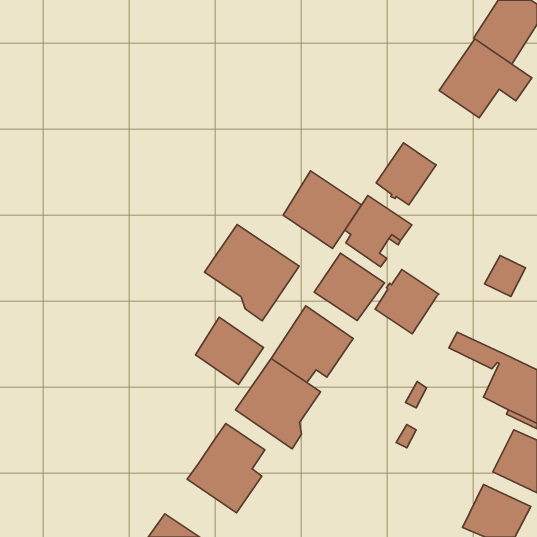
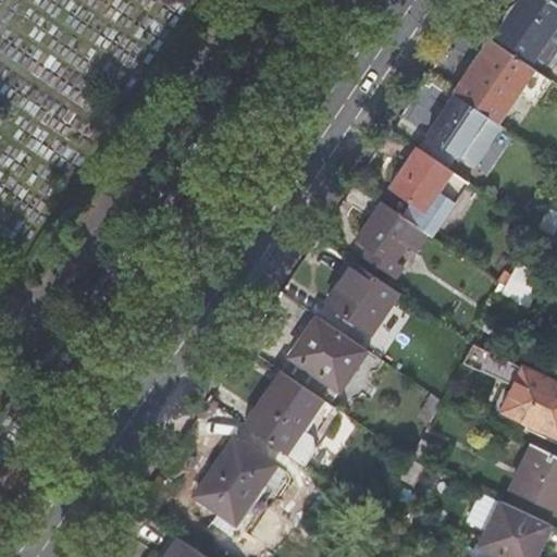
building: none -> [418,94,504,170]
building: [283,171,361,249] -> none
building: [205,225,299,321] -> none
building: [375,270,439,334] -> none
building: [196,317,263,385] -> none

